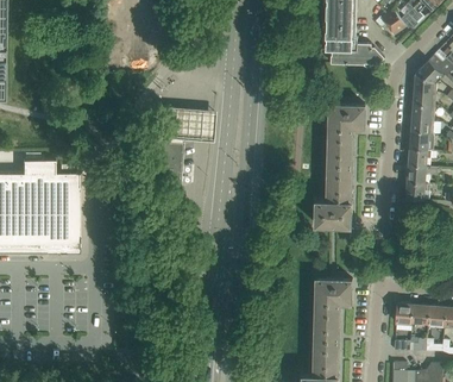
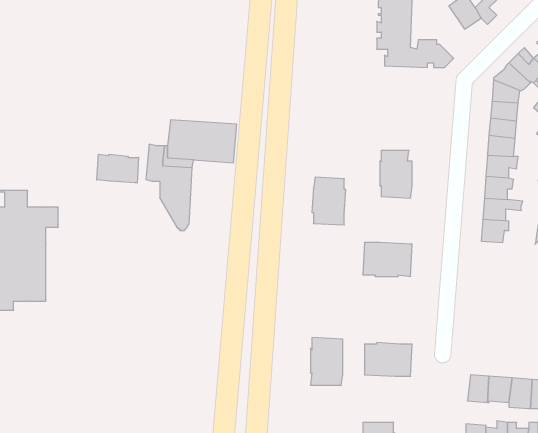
building: [329,105,366,131] -> none
building: none -> [97,154,139,183]
building: [327,165,353,202] -> [312,177,346,225]
building: [315,303,340,340] -> [310,338,343,385]

